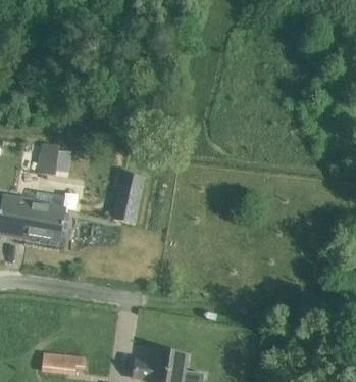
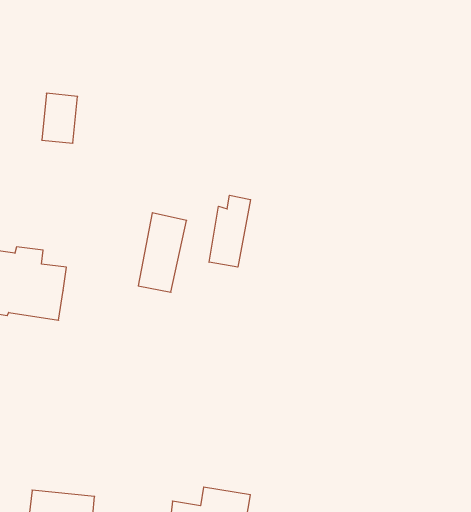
building: [37,141,60,174] -> [42,93,78,143]
building: none -> [209,195,251,267]

